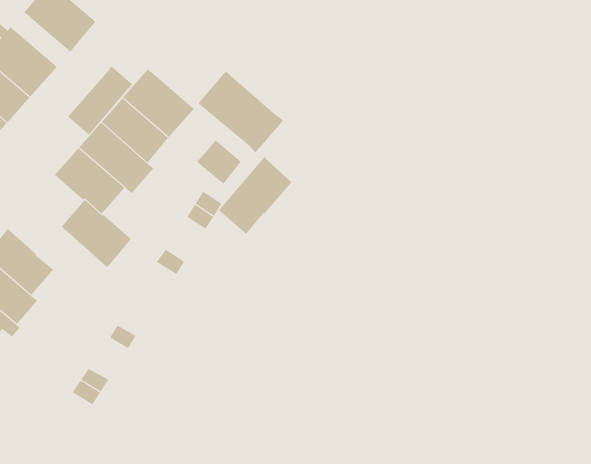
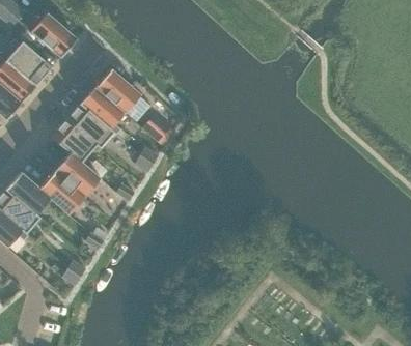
building: [67,65,133,136] -> none
building: [197,70,284,153] -> none
building: [218,156,292,235] -> none
building: none -> [38,170,84,215]

